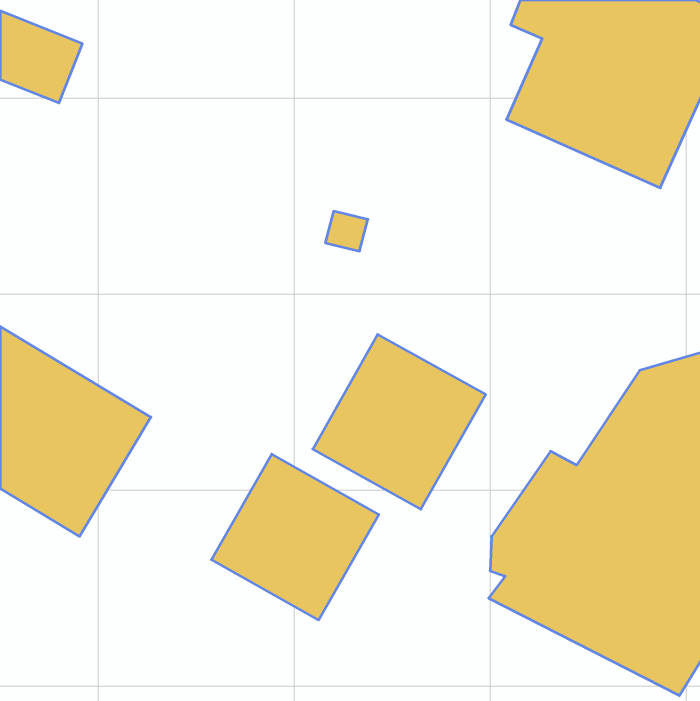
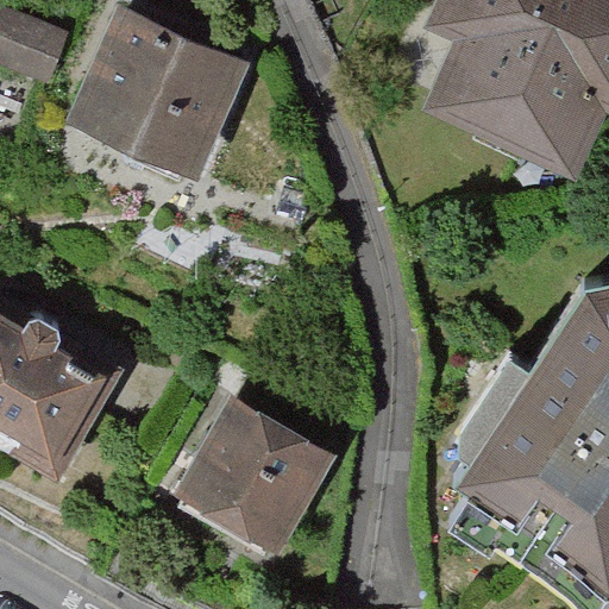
building: none -> [55,29,215,192]
building: [313,334,486,509] -> none

